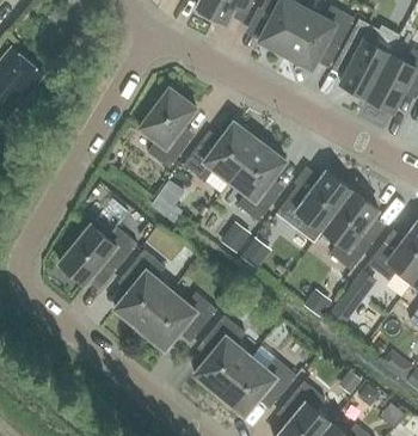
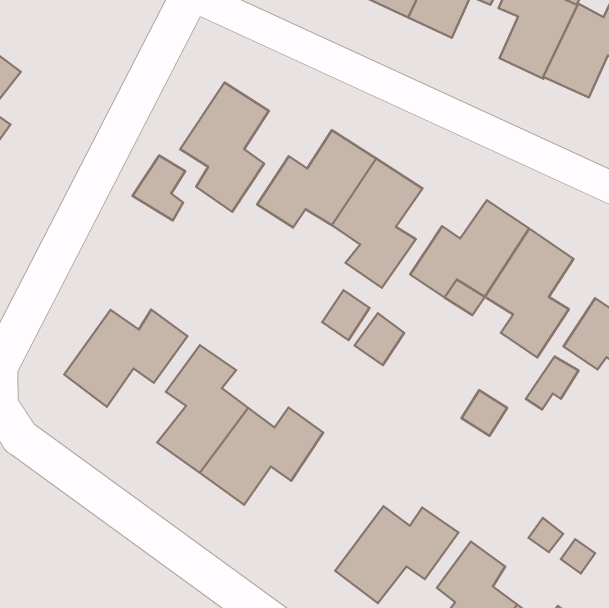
building: [149,180,183,221] -> [133,155,185,220]
building: [193,315,251,394] -> none

